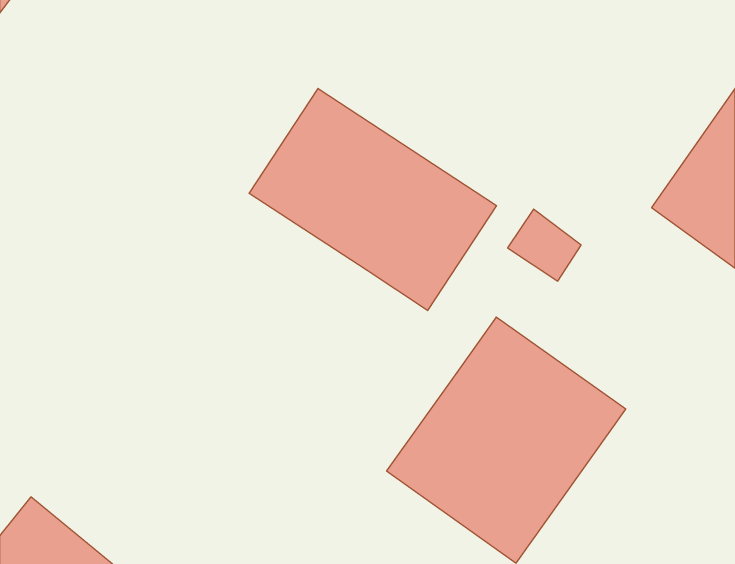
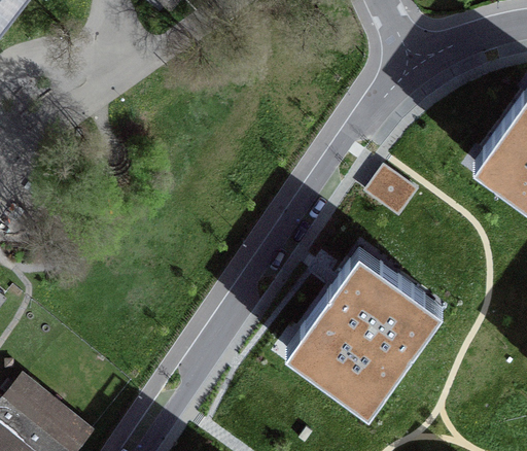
building: [249,88,496,311] -> none

